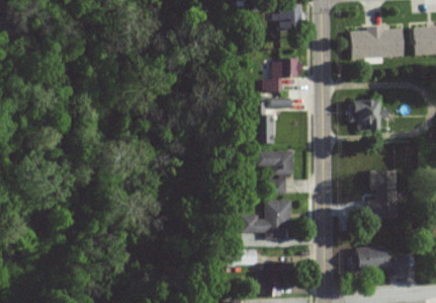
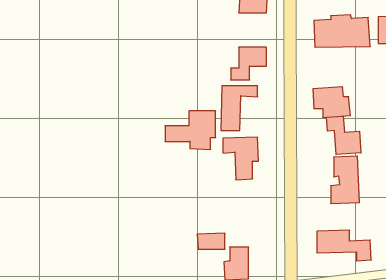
building: none -> [326,116,361,155]
building: [241,200,292,239] -> [165,111,216,149]

